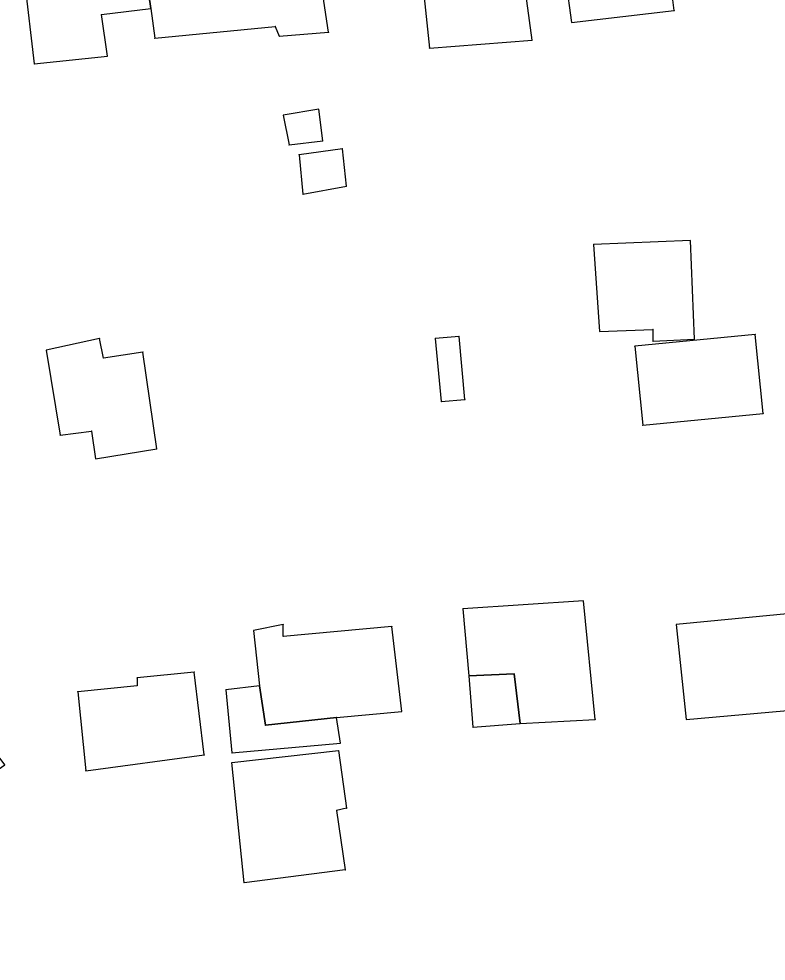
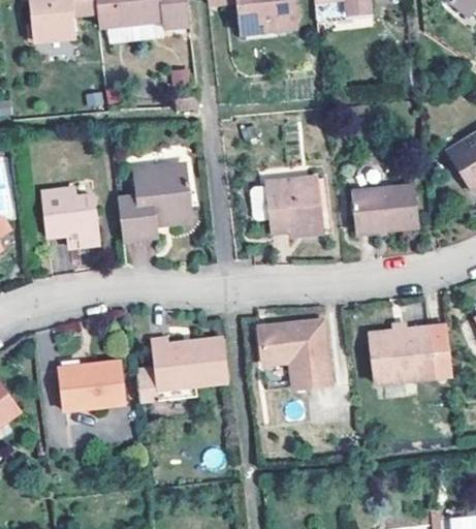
building: [594,241,694,341] -> [267,182,320,235]
building: none -> [119,165,190,242]
building: [232,751,347,883] -> none

